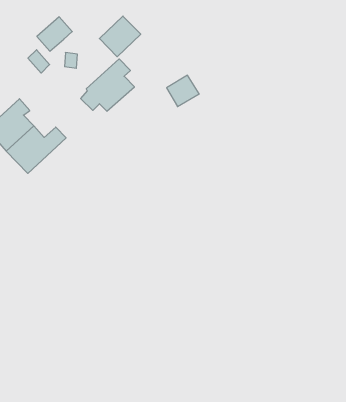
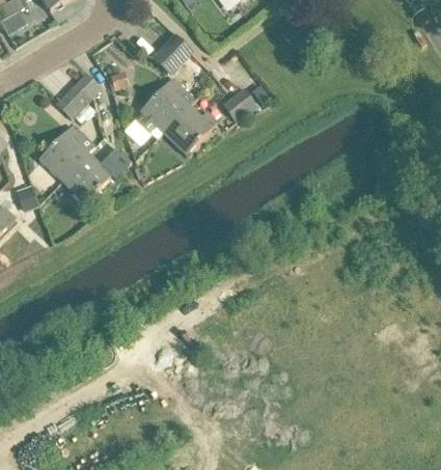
building: [37,17,72,51] -> [56,82,92,118]
building: none -> [163,105,217,154]

